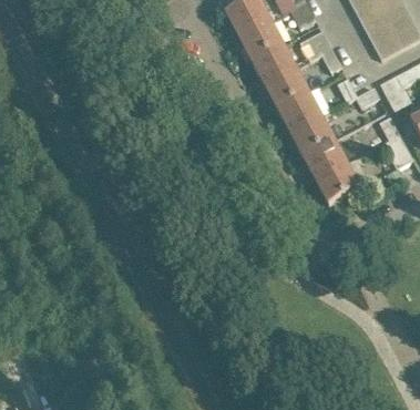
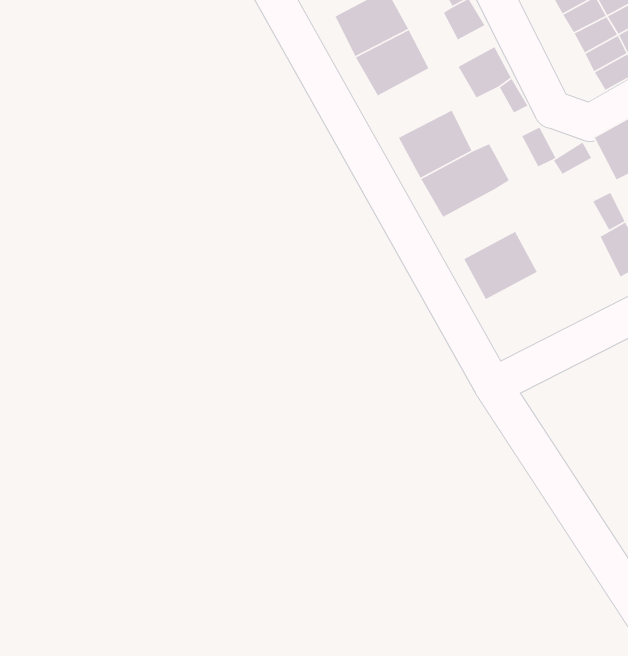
building: [252,42,296,83] -> none
building: [290,114,334,155] -> none
building: [316,163,360,203] -> none

